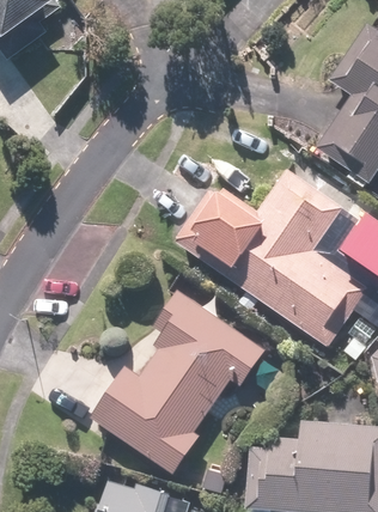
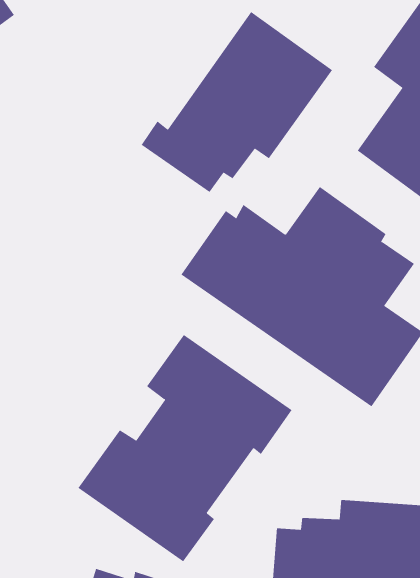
building: none -> [141,11,333,193]

